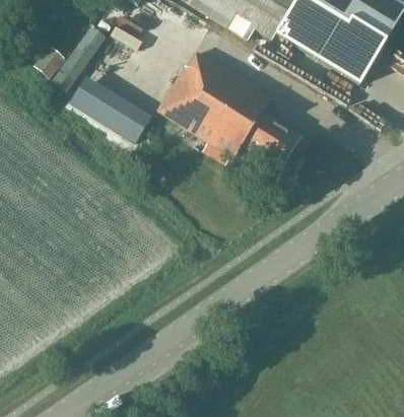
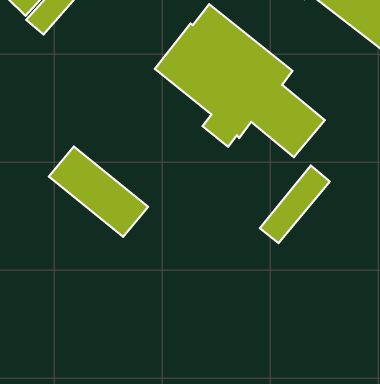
building: [68,74,150,142] -> [49,146,148,237]
building: none -> [260,166,330,243]

